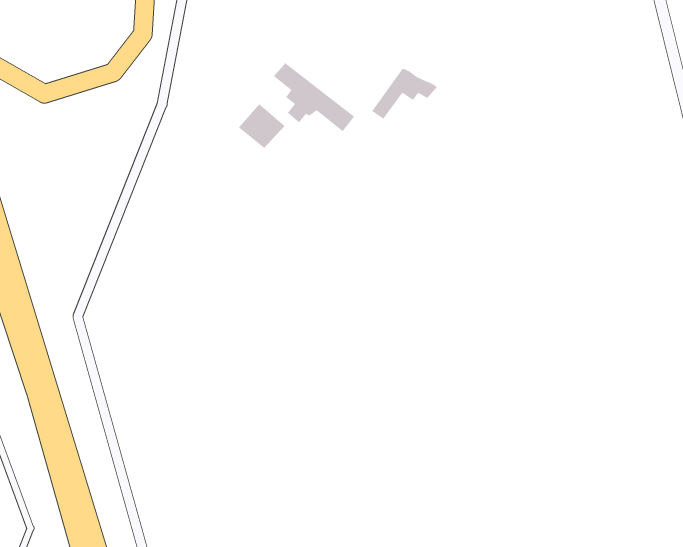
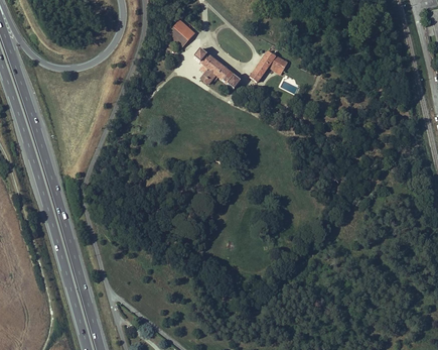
building: [238,103,285,149] -> [167,19,194,45]

